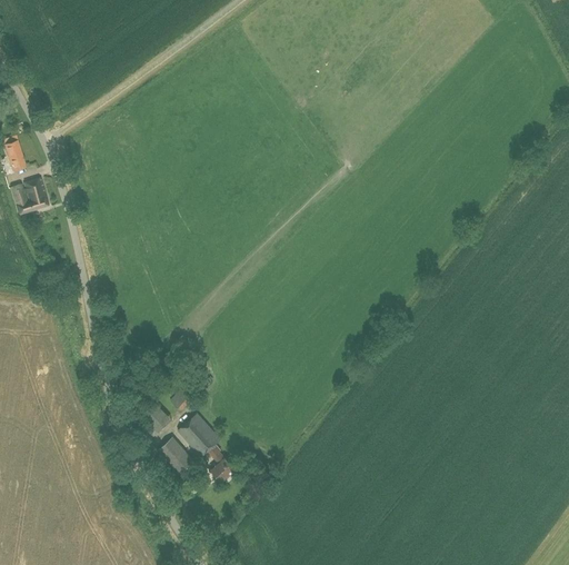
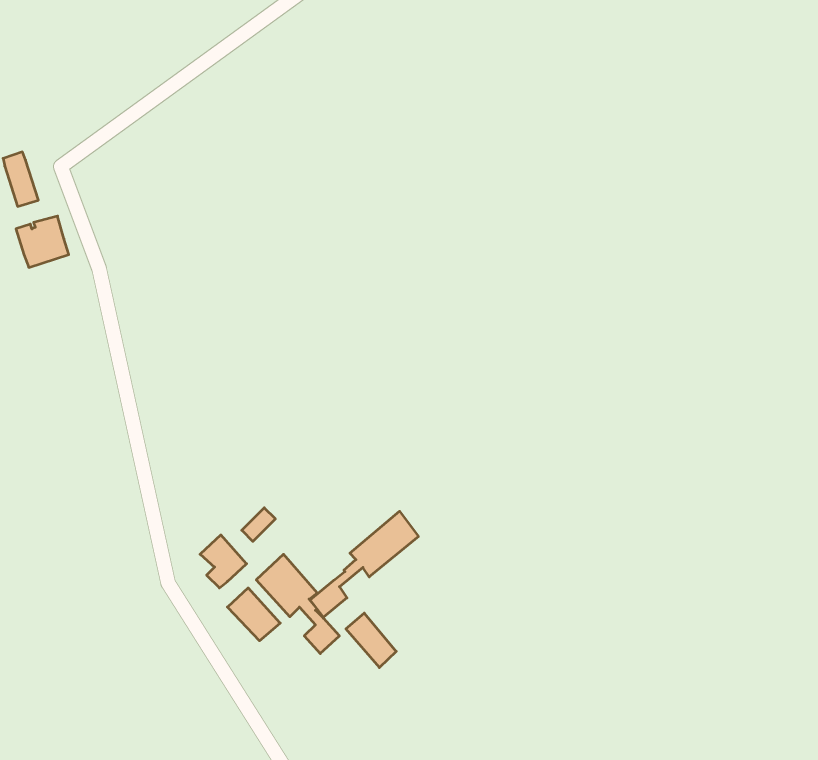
building: none -> [310,511,418,617]
building: none -> [346,613,396,668]

